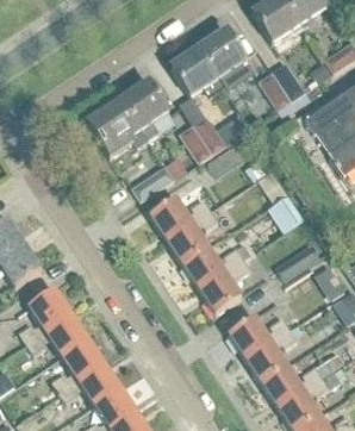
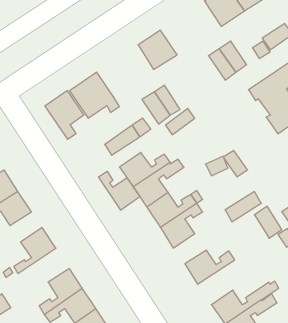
building: [199,29,255,90] -> none
building: [122,80,169,139] -> [45,90,84,139]
building: none -> [99,171,140,210]
building: [25,313,88,356] -> none
building: [244,327,297,382] -> none

